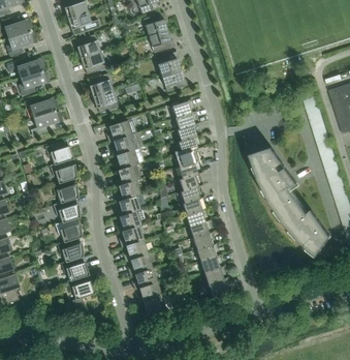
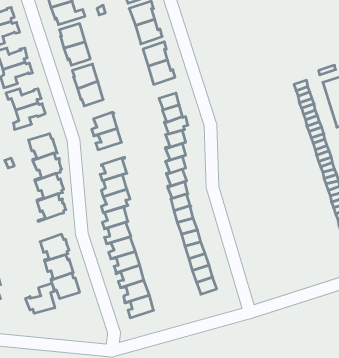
building: [250,147,330,257] -> none
building: [113,148,144,171] -> none
building: [55,218,83,245] -> none
building: none -> [26,283,55,313]

